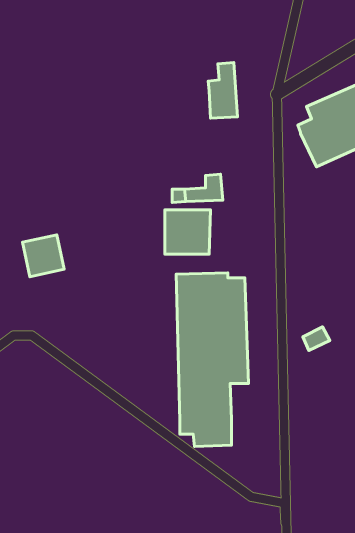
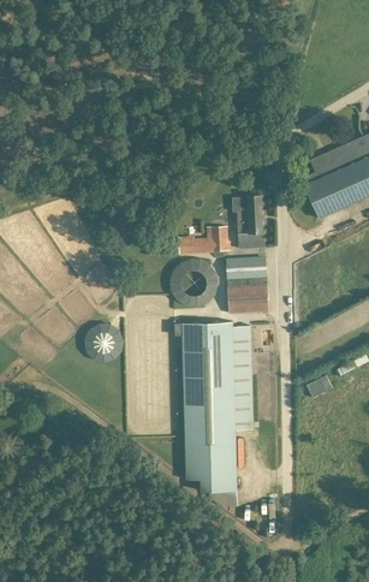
building: [208,63,238,118] -> [237,194,266,248]
building: none -> [227,259,269,313]
building: [22,235,64,277] -> [83,320,124,361]

